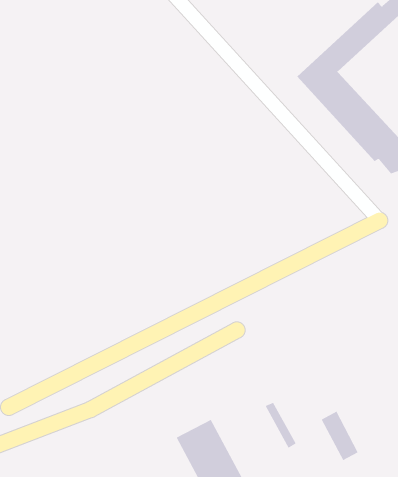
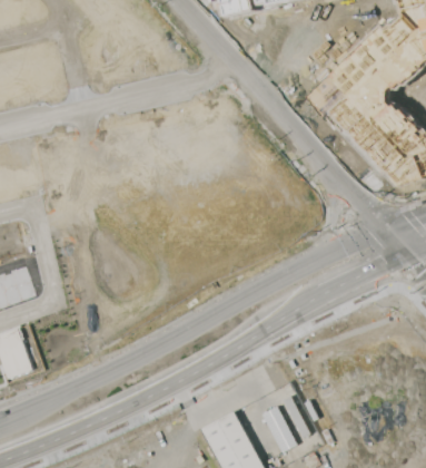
building: [321,411,359,461] -> [261,407,296,452]

